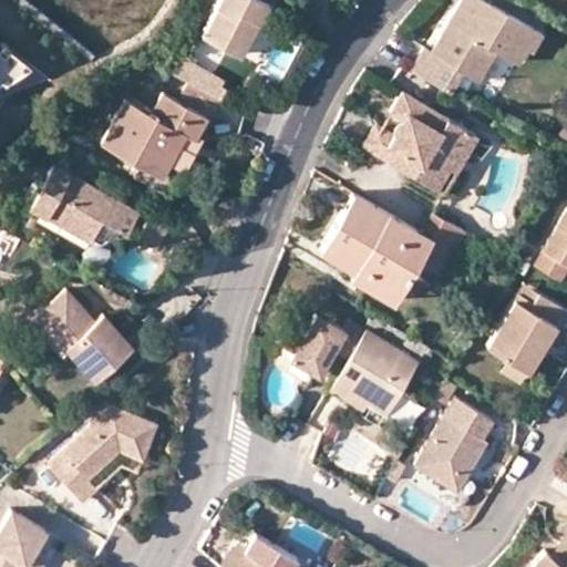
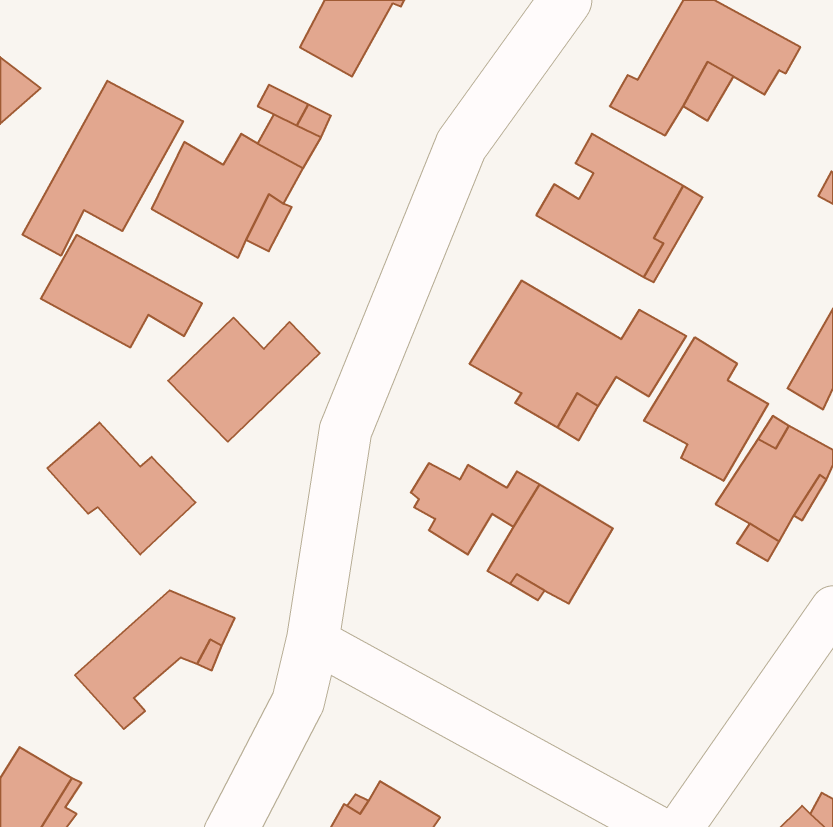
building: none -> [22,81,183,256]
building: none -> [168,318,320,442]
building: none -> [644,337,768,481]
building: [416,400,494,492] -> none

